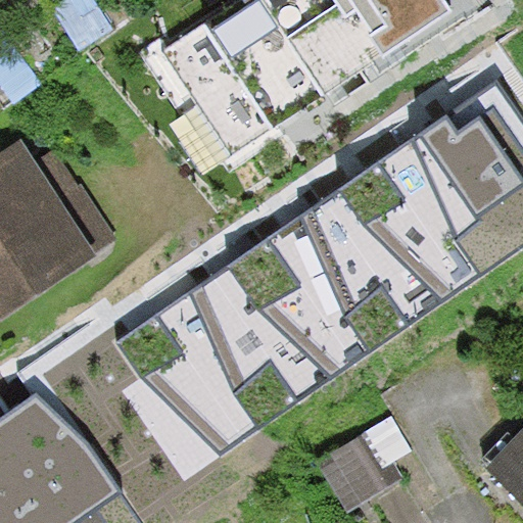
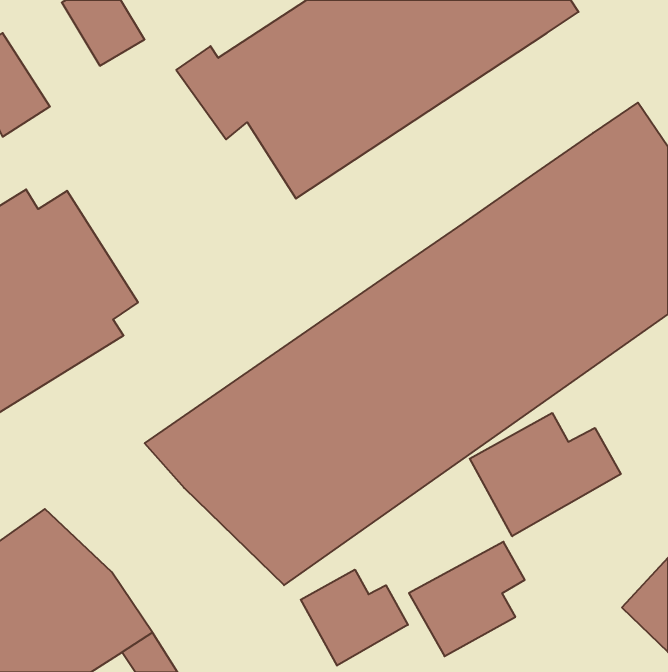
building: none -> [470,413,621,536]
building: none -> [301,570,408,666]

